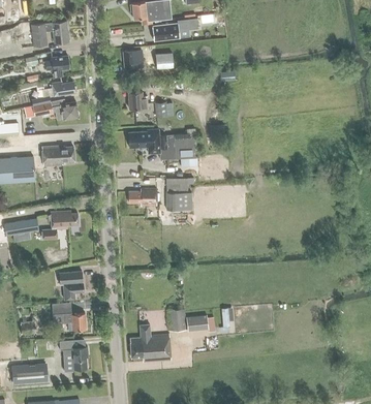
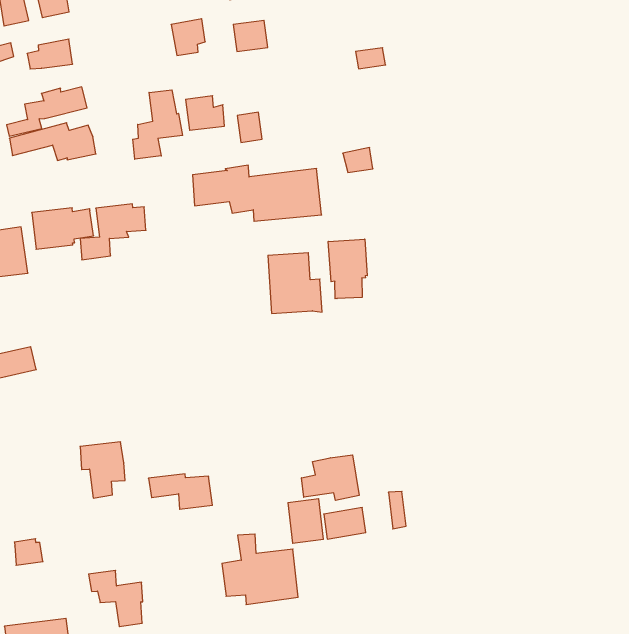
building: none -> [133,90,183,159]
building: none -> [328,239,367,299]
building: [128,189,159,206] -> none
building: [41,212,76,240] -> [80,204,146,260]
building: none -> [302,455,359,500]
building: [52,312,85,331] -> [148,474,212,509]

